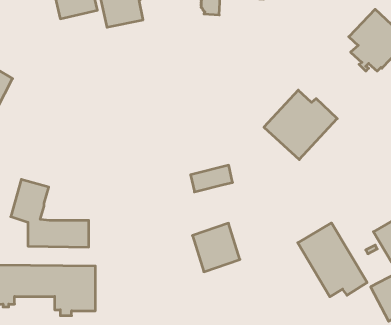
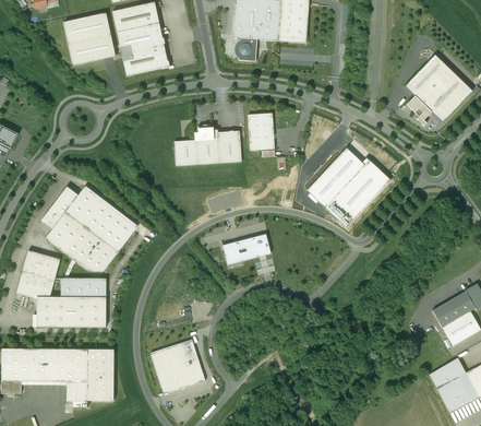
building: none -> [248,113,274,151]
building: none -> [173,127,241,166]
building: none -> [40,186,137,297]
building: [298,223,367,297] -> none
building: [192,223,240,272] -> [151,339,205,394]

